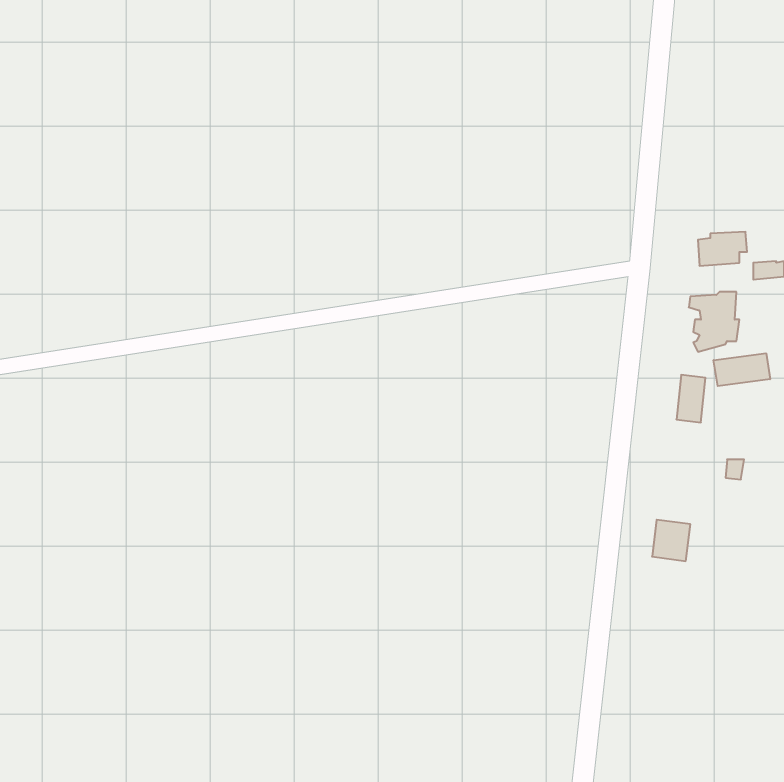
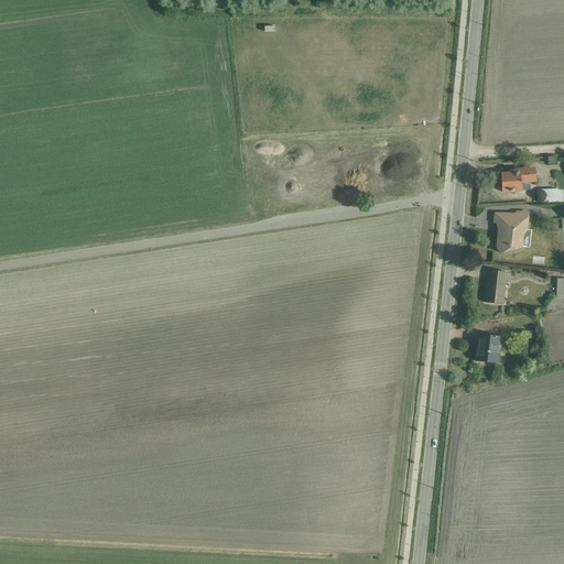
building: [714,353,770,386] -> none
building: [652,520,690,561] -> [474,333,501,362]

